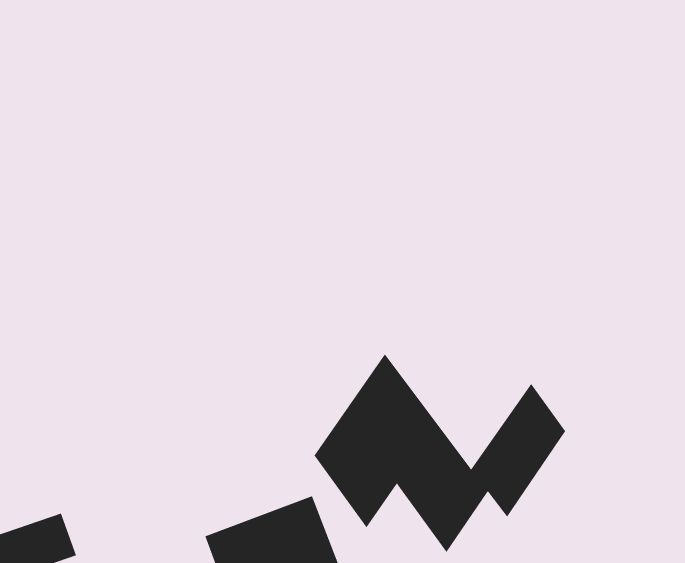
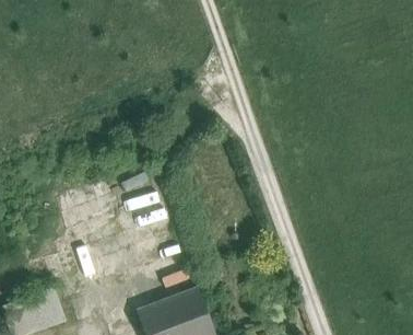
building: [314,353,566,553] -> none

